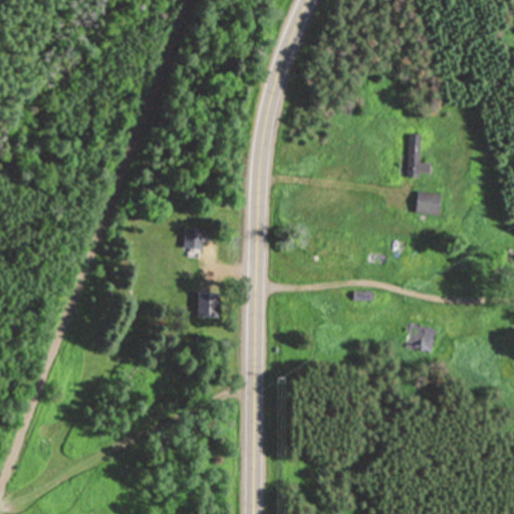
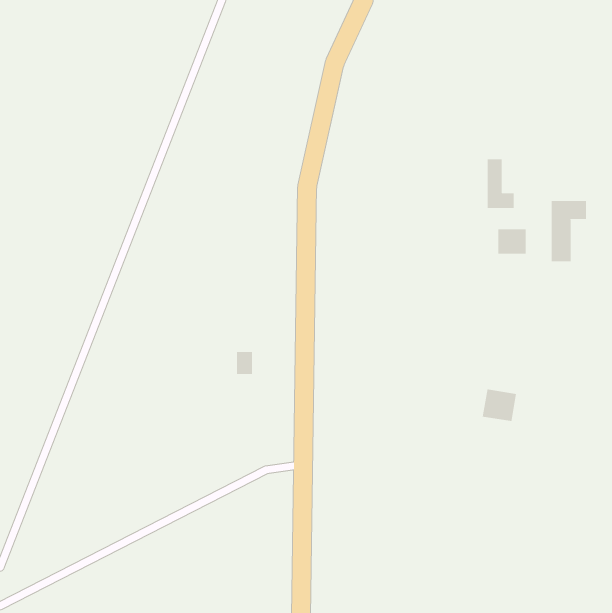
building: none -> [551,200,587,262]
building: [186,228,204,250] -> none

